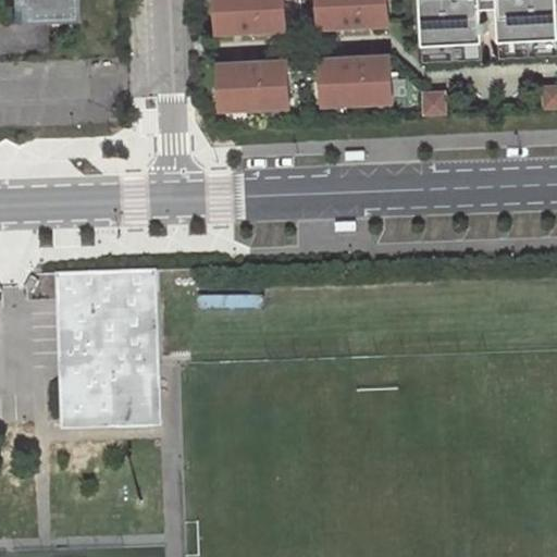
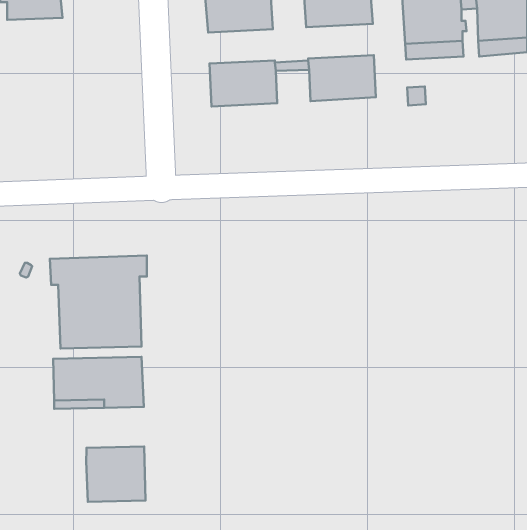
building: [53,288,158,424] -> none
building: none -> [86,446,145,502]

